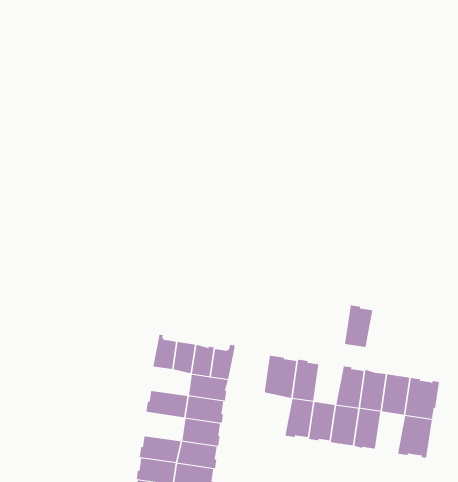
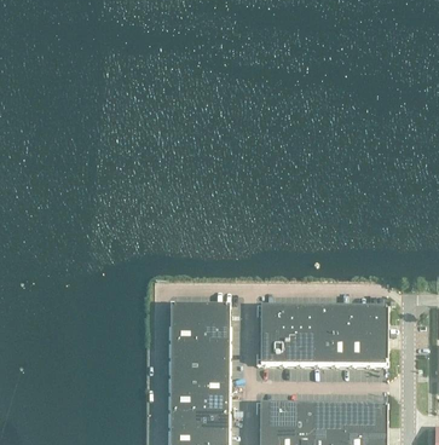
building: [344,305,373,347] -> [295,304,313,334]
building: none -> [169,325,200,343]
building: none -> [256,333,278,363]
building: none -> [347,334,365,364]
building: none -> [169,360,200,378]

